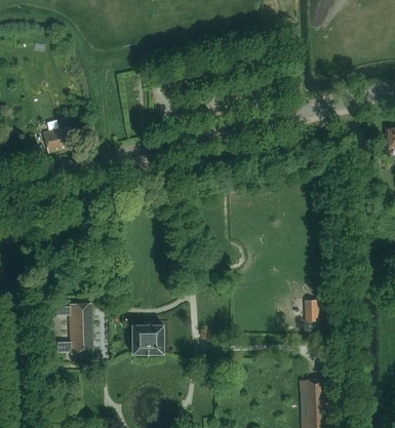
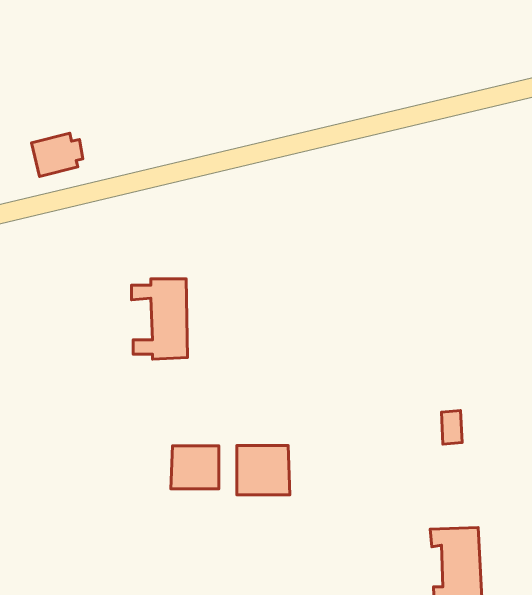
building: [56,303,92,354] -> [132,279,188,359]
building: none -> [237,446,290,495]

